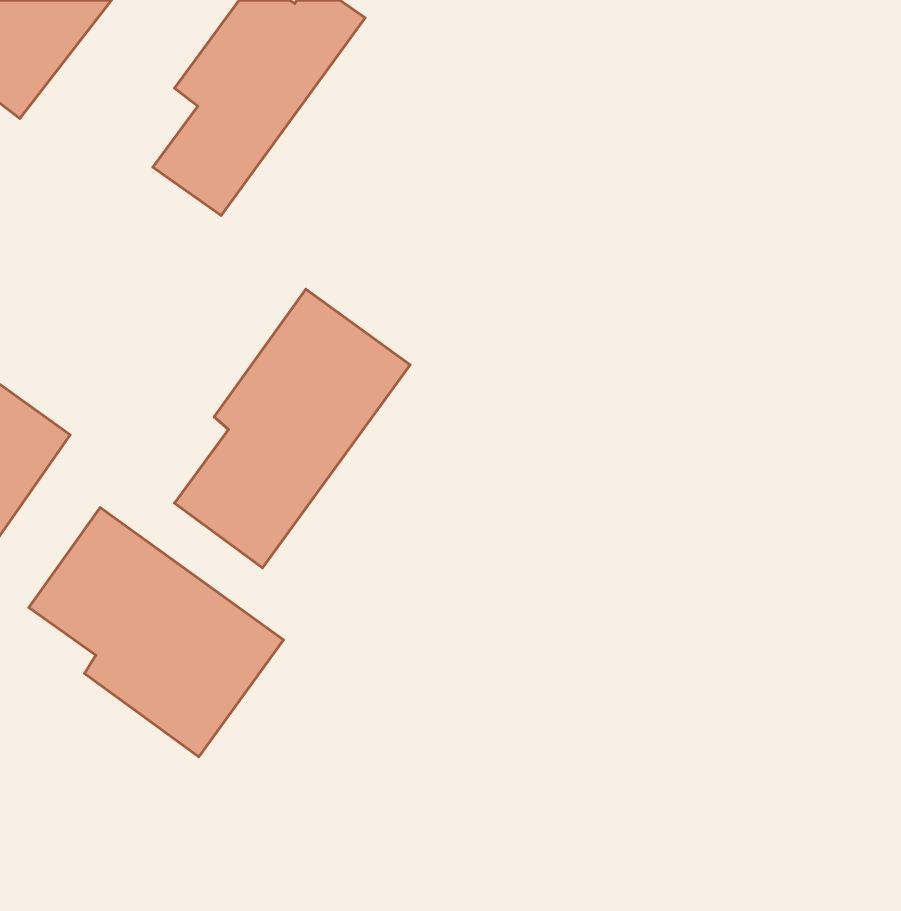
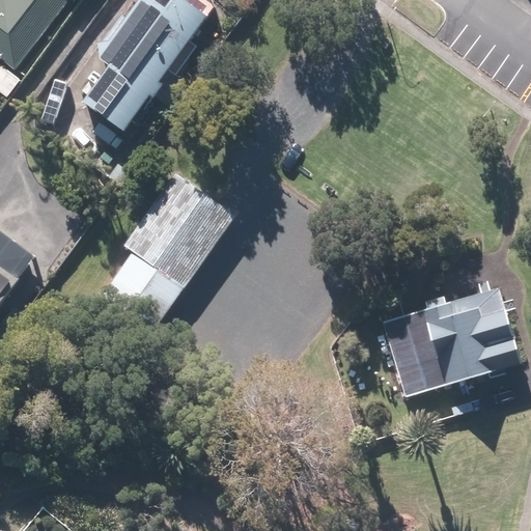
building: none -> [373,286,514,397]
building: [29,508,283,757] -> none

